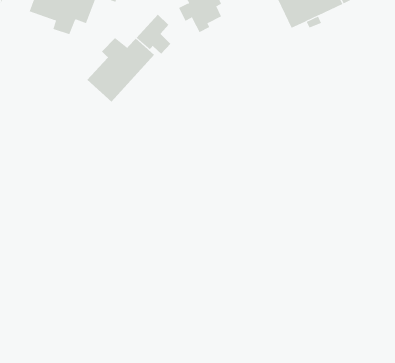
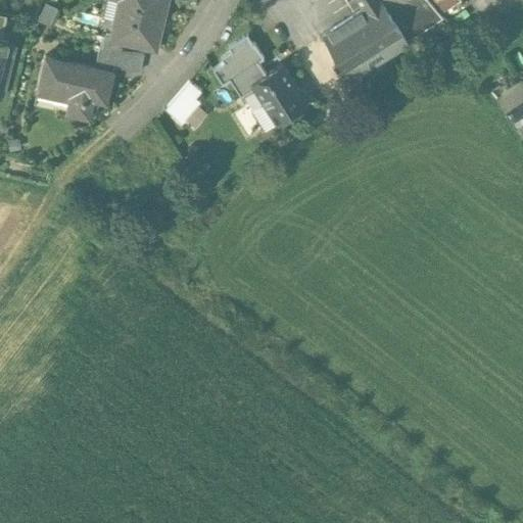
building: none -> [250,63,308,125]
building: [86,37,155,102] -> none

